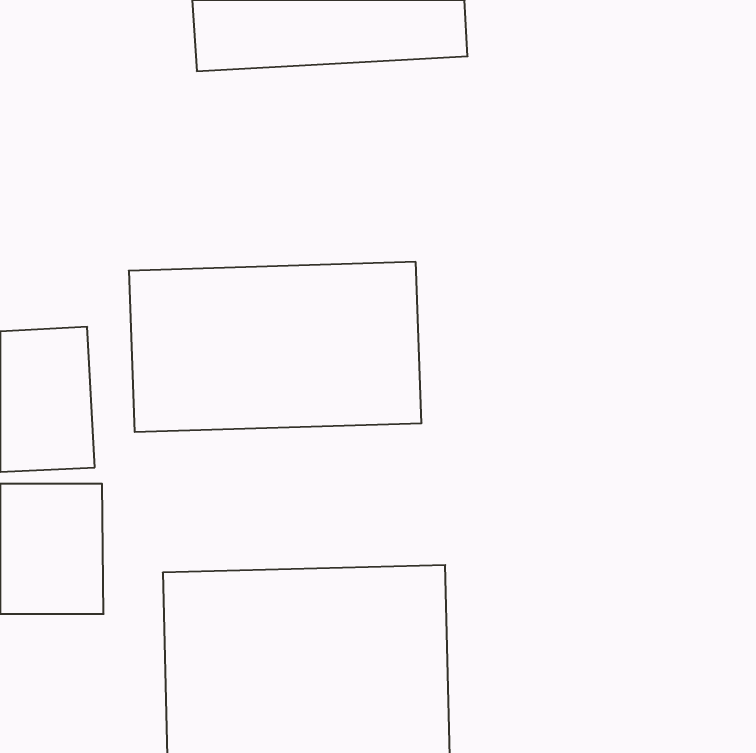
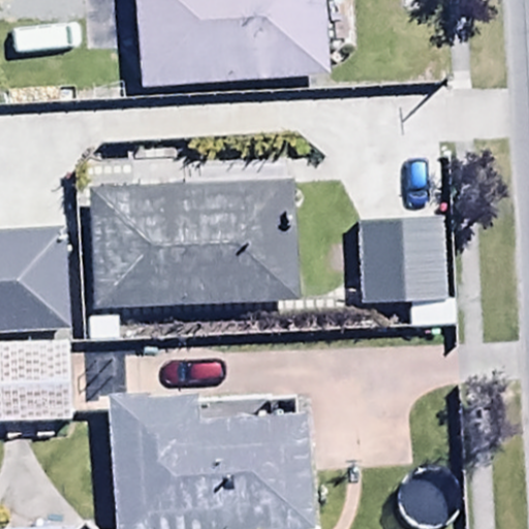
building: none -> [355,223,447,301]

